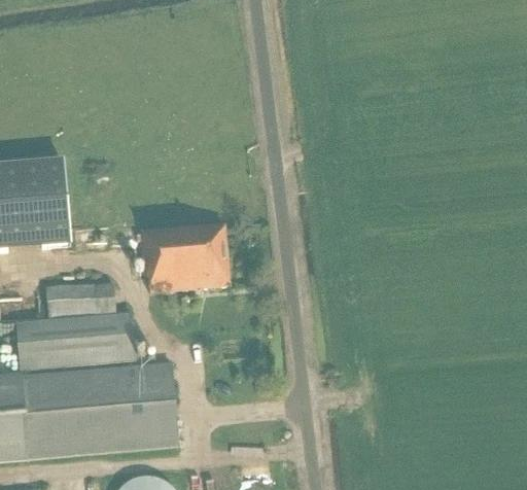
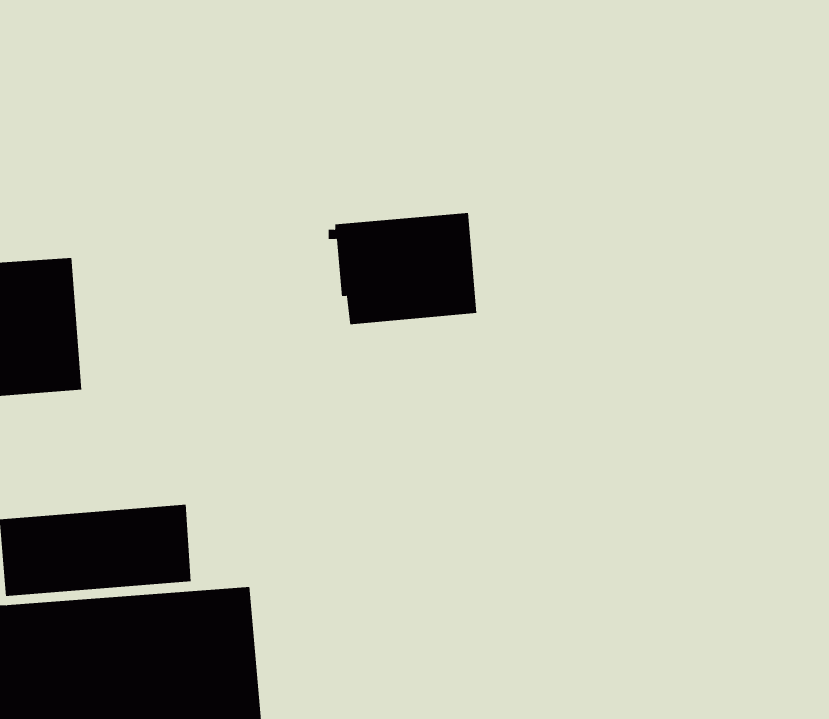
building: [137,223,229,292] -> [328,213,477,325]
building: [45,280,118,317] -> none

